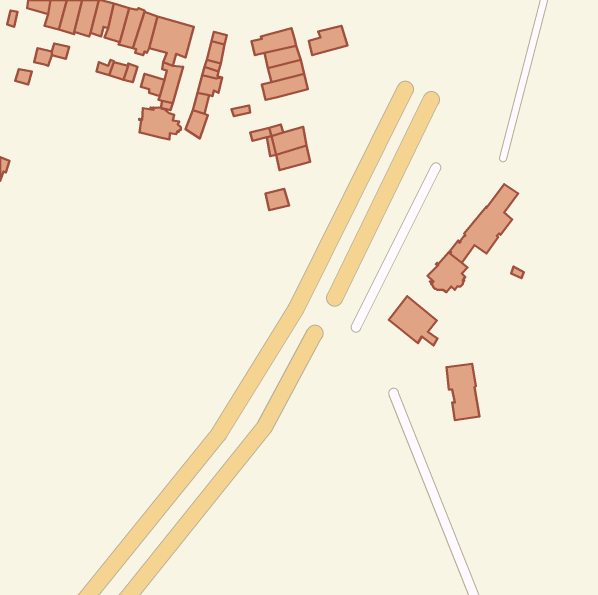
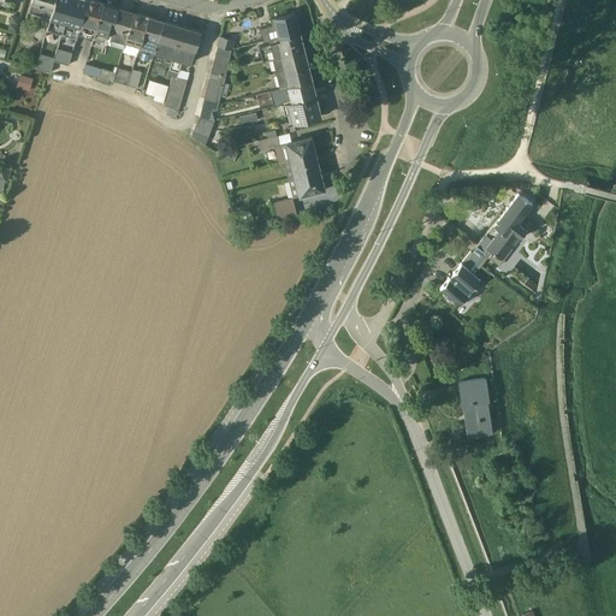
building: [309,26,348,55] -> [261,13,301,43]
building: none -> [285,96,324,125]
building: [139,107,181,140] -> none
building: none -> [289,171,325,199]
building: [389,296,437,345] -> none

